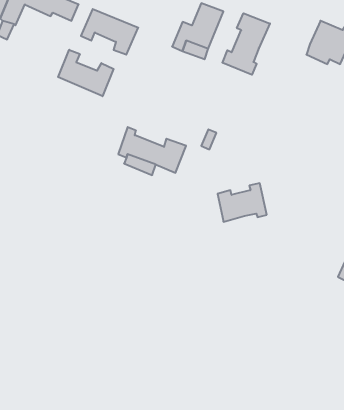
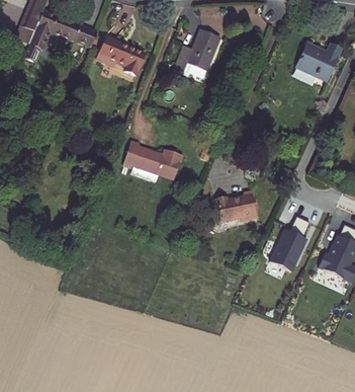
building: [222,13,270,75] -> none
building: [58,50,114,96] -> none
building: none -> [270,215,309,270]

